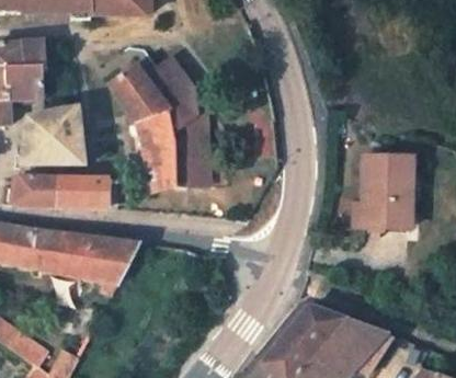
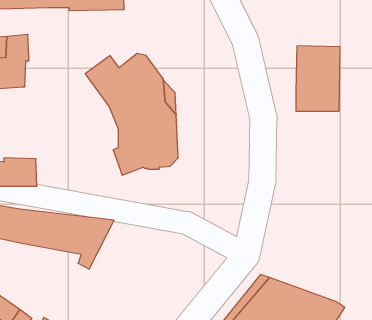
building: [21,106,86,164] -> none
building: [363,156,411,227] -> [296,46,340,111]
building: [54,176,111,207] -> none

